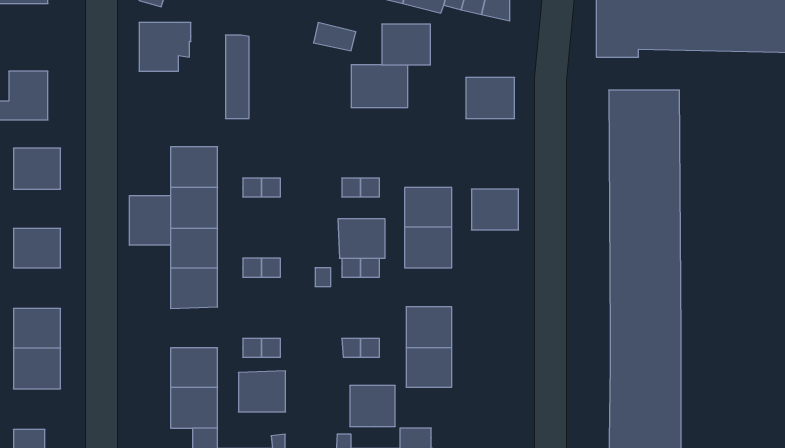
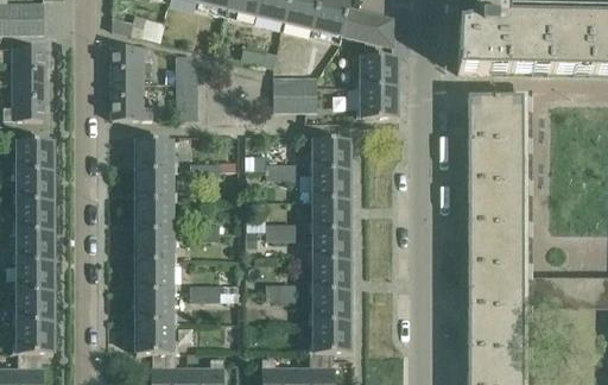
building: none -> [14,44,44,81]
building: [382,24,430,65] -> [360,55,397,86]
building: none -> [113,81,152,116]
building: none -> [18,170,53,200]
building: [471,189,519,230] -> [314,138,349,169]
building: [129,196,171,245] -> none
building: [338,219,385,258] -> [314,229,349,259]
building: none -> [18,229,53,260]
building: [238,371,286,412] -> [137,259,172,290]
building: [350,386,395,426] -> [315,320,349,351]
building: none -> [18,321,53,352]

